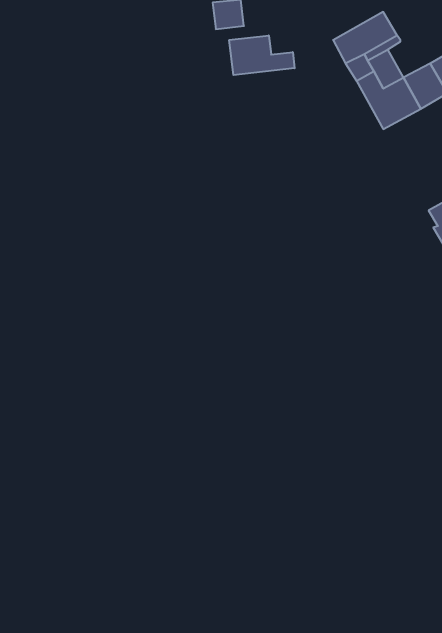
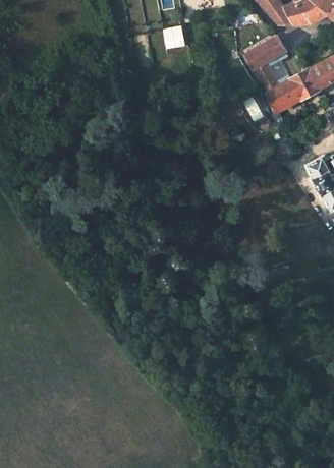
building: [229,35,295,75] -> none

